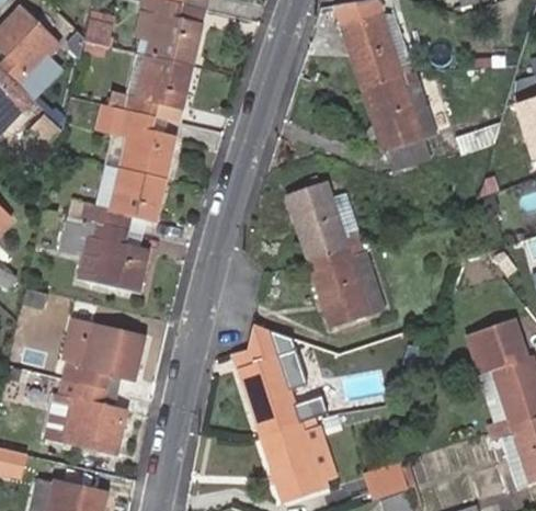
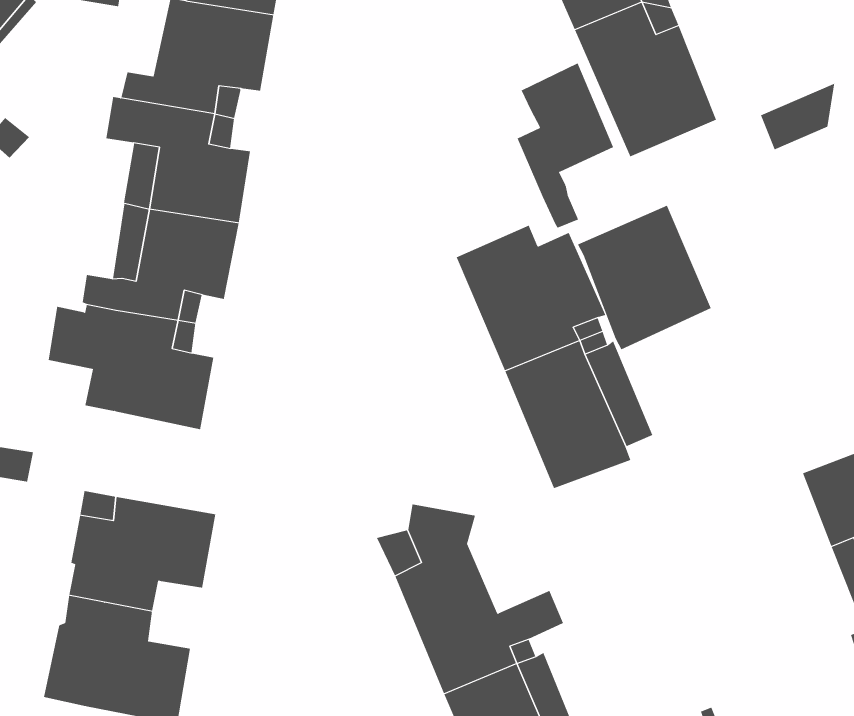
building: none -> [517,63,614,228]
building: none -> [577,205,711,350]

